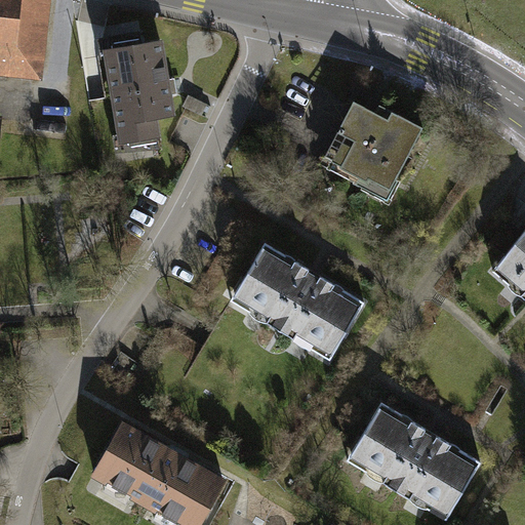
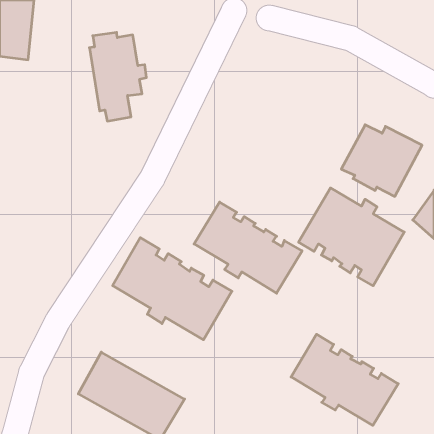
building: [325,105,422,191] -> [341,125,422,196]
building: none -> [299,188,404,286]
building: none -> [113,238,232,340]

